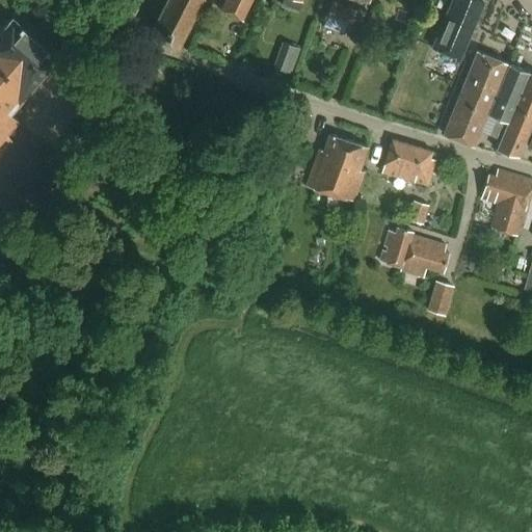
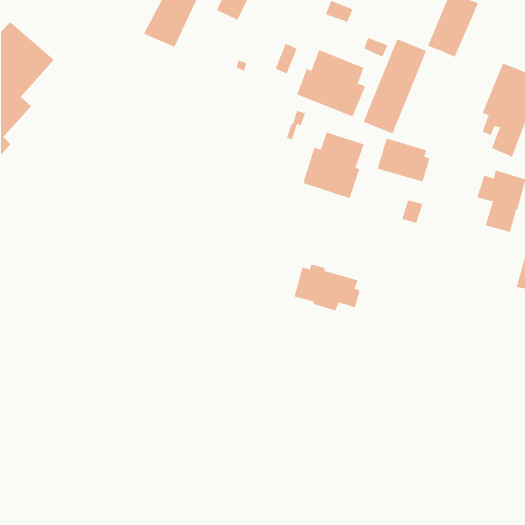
building: none -> [297,49,366,117]
building: [443,50,507,147] -> [363,39,427,134]
building: [380,229,448,276] -> [294,264,361,311]
building: [426,281,452,315] -> none

